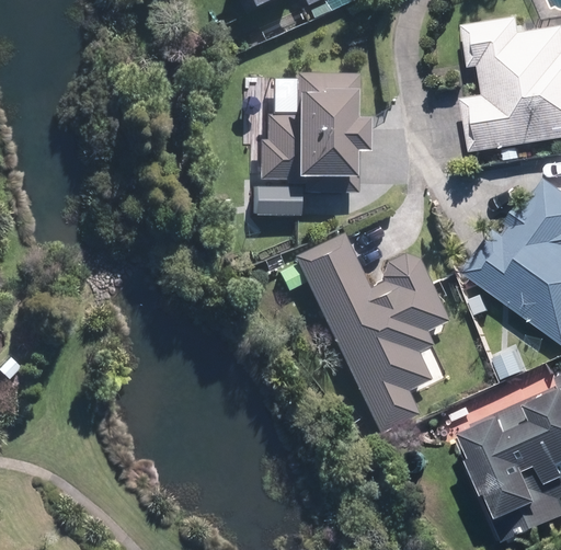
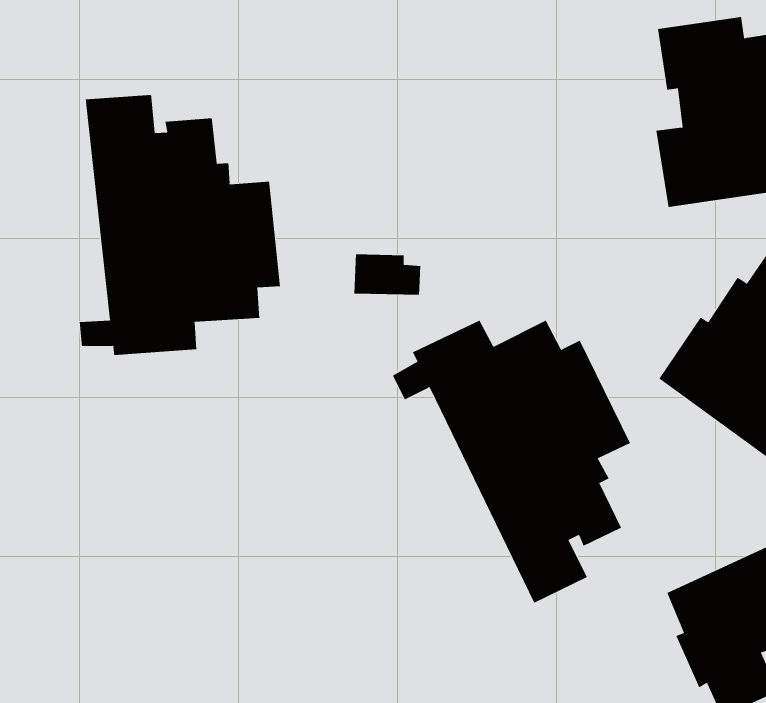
building: none -> [79,94,281,356]
building: [261,72,369,181] -> none

